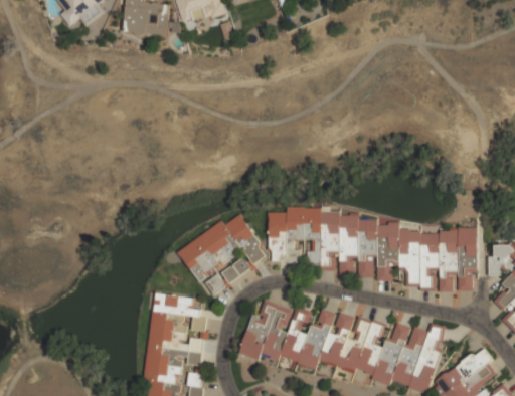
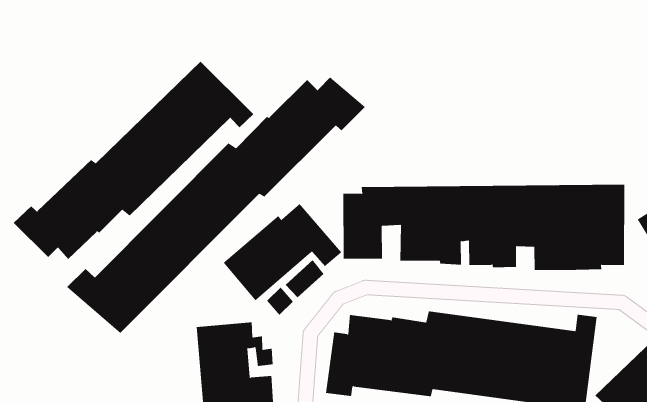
building: none -> [13,61,254,260]
building: none -> [66,77,366,334]

